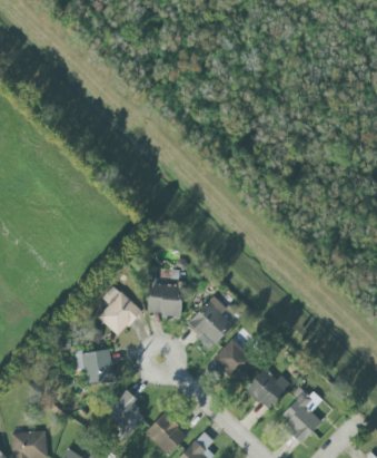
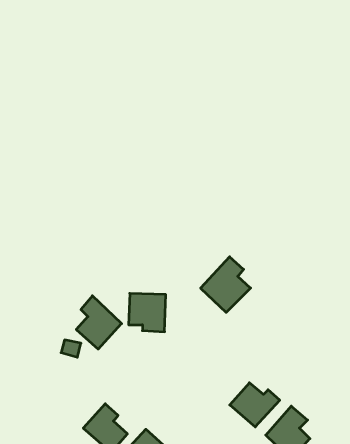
building: [186,295,234,349] -> [201,257,251,312]
building: [214,335,260,382] -> none
building: [76,349,116,384] -> none

